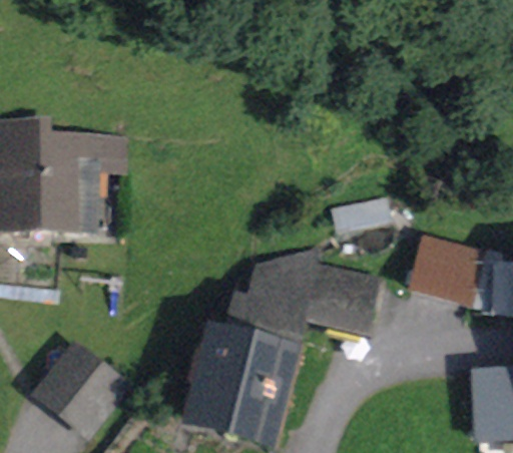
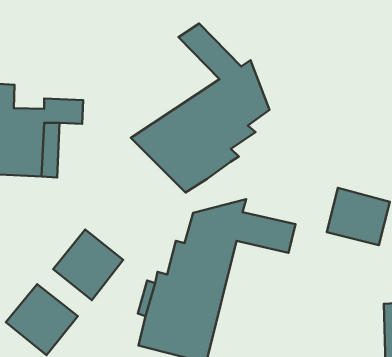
building: none -> [131,23,269,192]
building: none -> [53,230,123,300]

